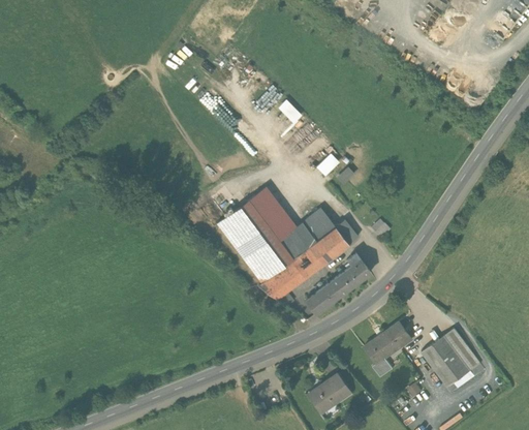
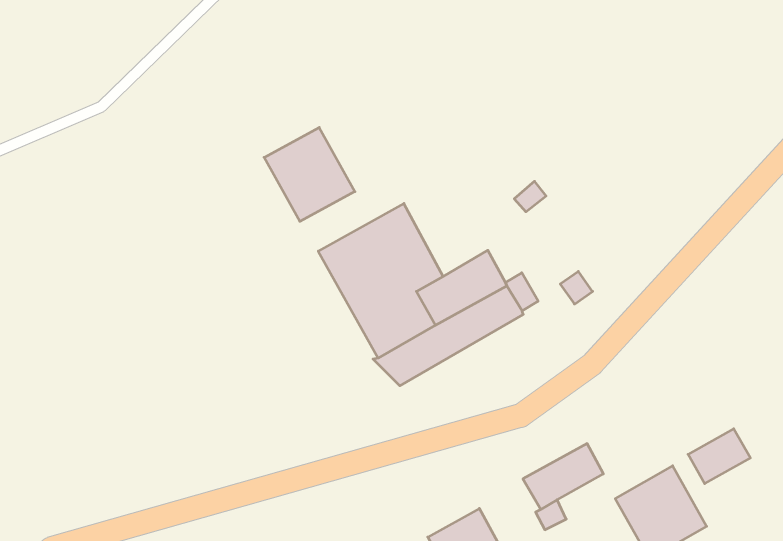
building: none -> [264,127,355,221]
building: [306,260,371,315] -> none
building: none -> [688,429,750,484]

